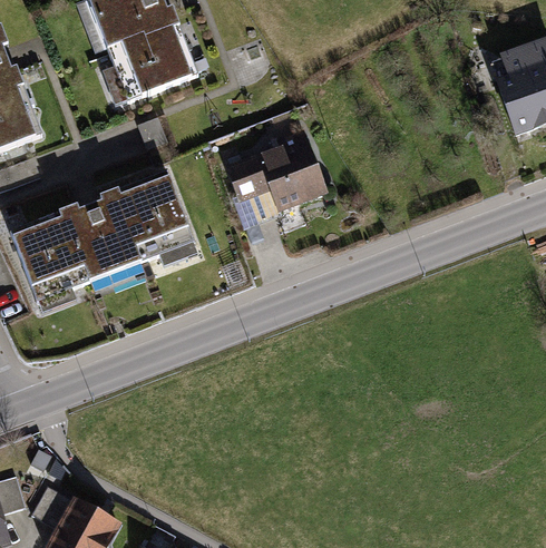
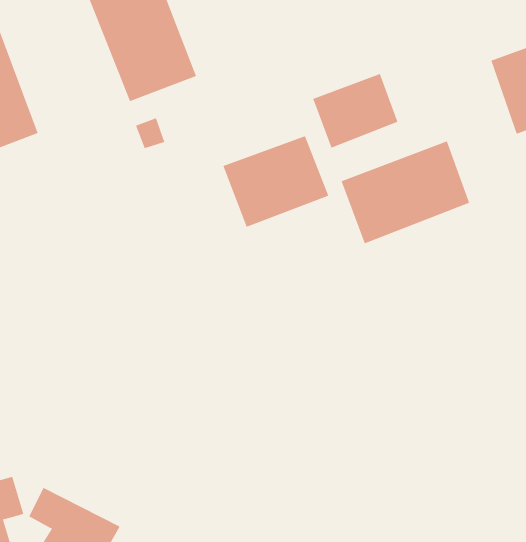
building: none -> [313,73,398,149]
building: none -> [341,141,470,244]
building: [10,170,195,301] -> none

